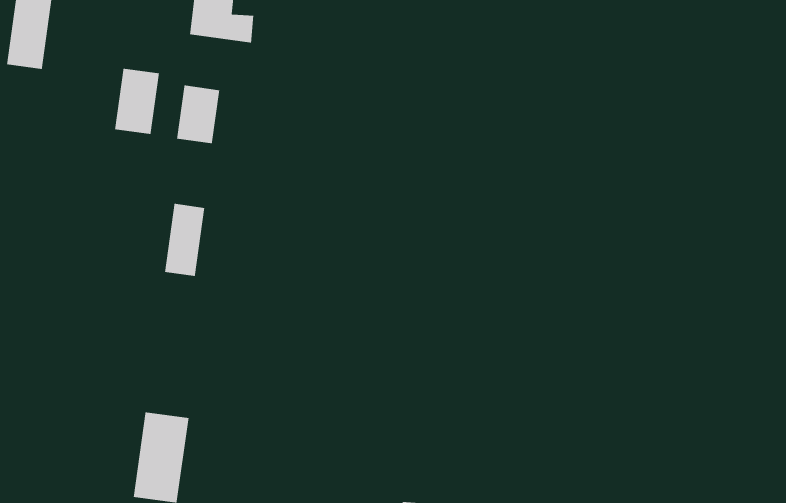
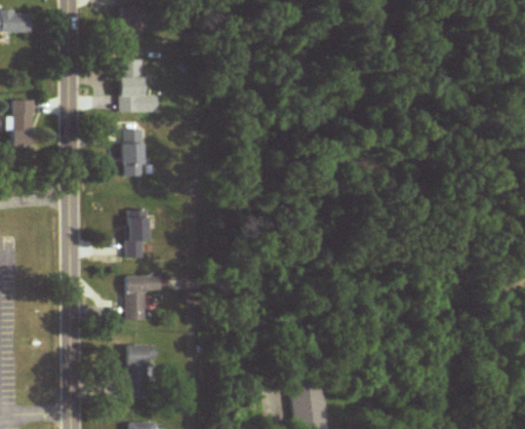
building: [114,68,160,135] -> none
building: none -> [125,275,162,319]

